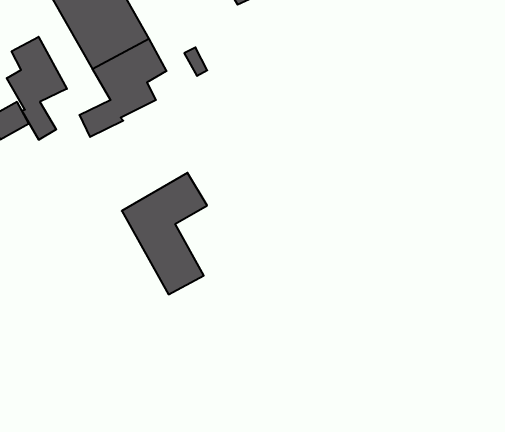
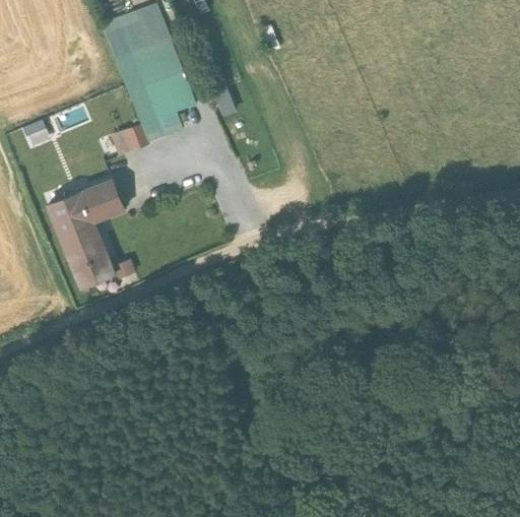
building: [7,37,67,140] -> none
building: [122,173,207,294] -> [47,178,126,287]

